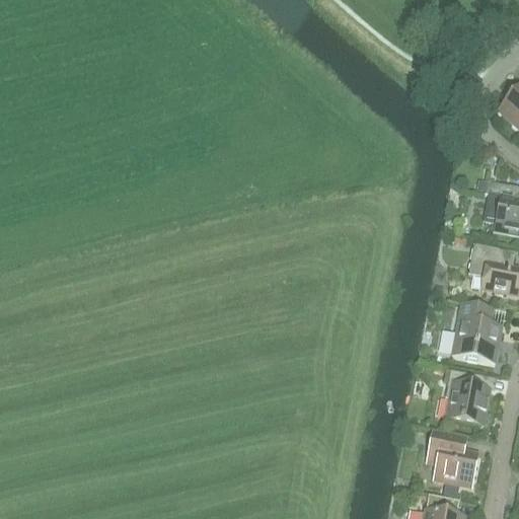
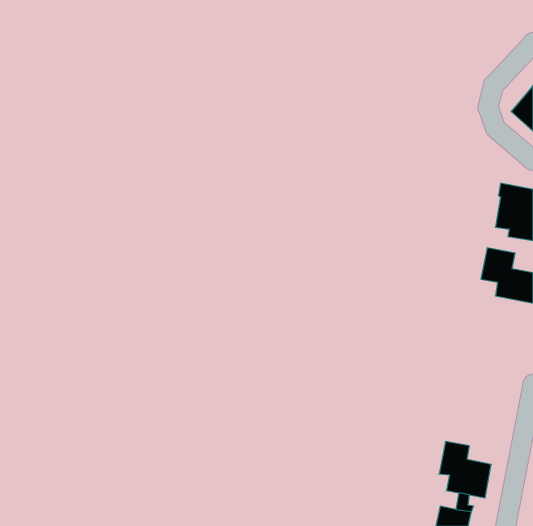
building: [452,302,502,362] -> none
building: [445,368,490,425] -> none

